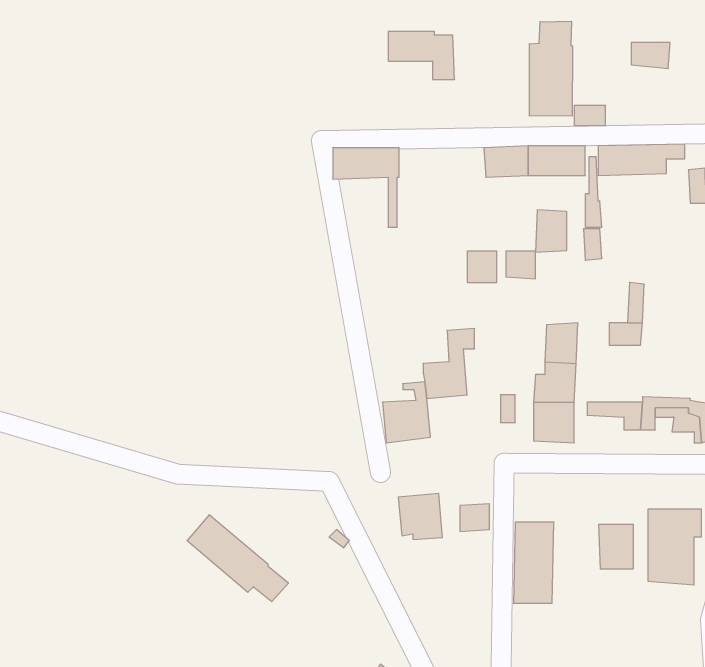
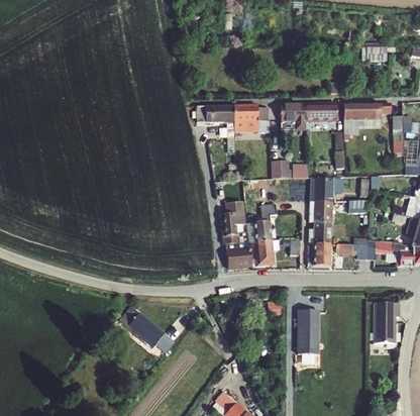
building: [529,21,573,116] -> none
building: [388,32,455,79] -> [234,105,271,131]
building: [535,210,567,252] -> [315,179,332,202]
building: none -> [222,203,243,244]
building: [398,493,442,539] -> [249,240,274,266]
building: [599,524,633,569] -> none

